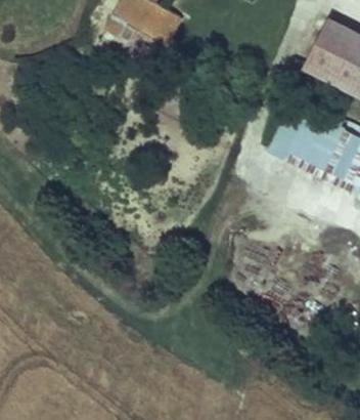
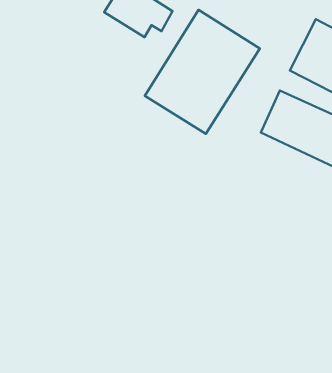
building: none -> [145,10,260,134]

